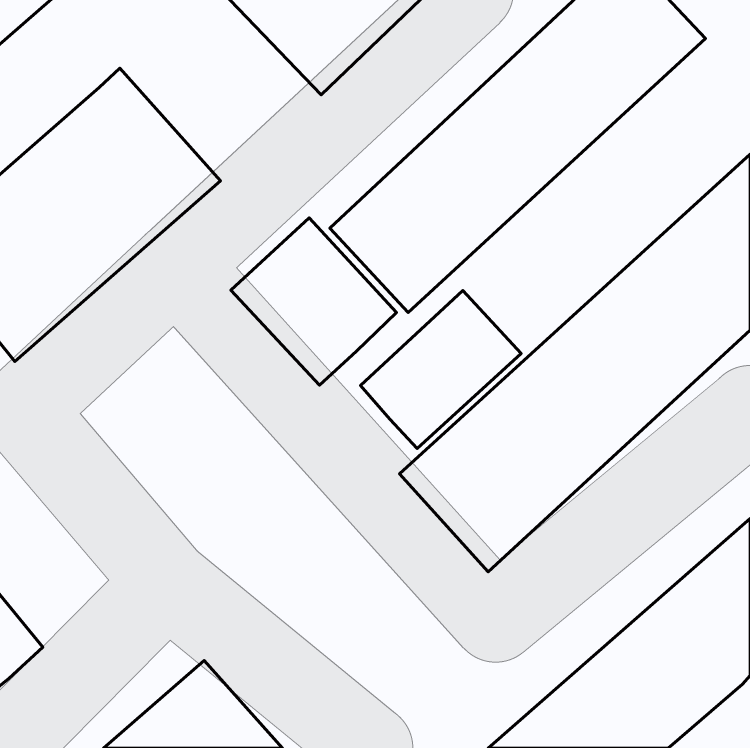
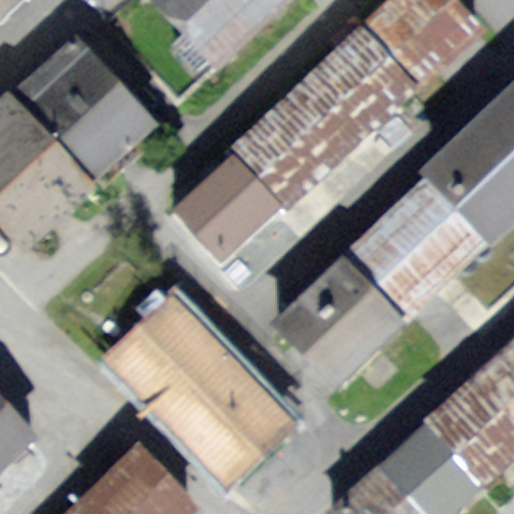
building: [361,291,521,449] -> none
building: none -> [95,261,302,473]

